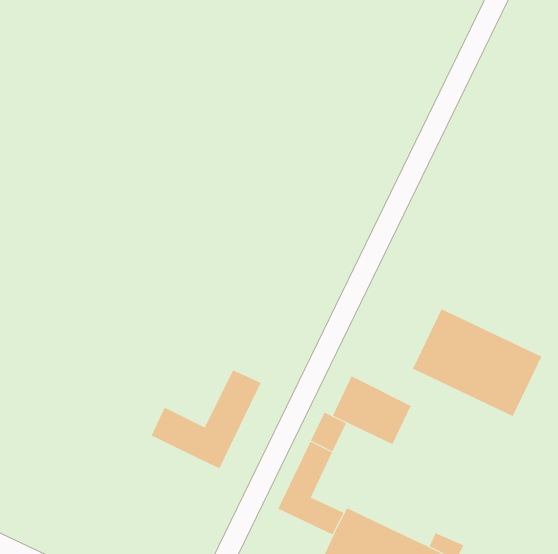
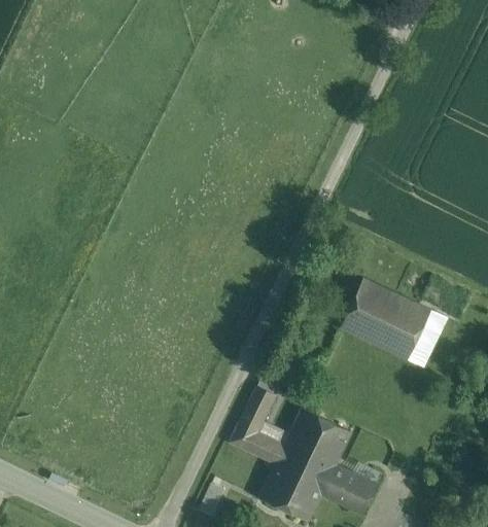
building: [151,369,261,469] -> none
building: [332,376,412,445] -> [287,409,352,465]

